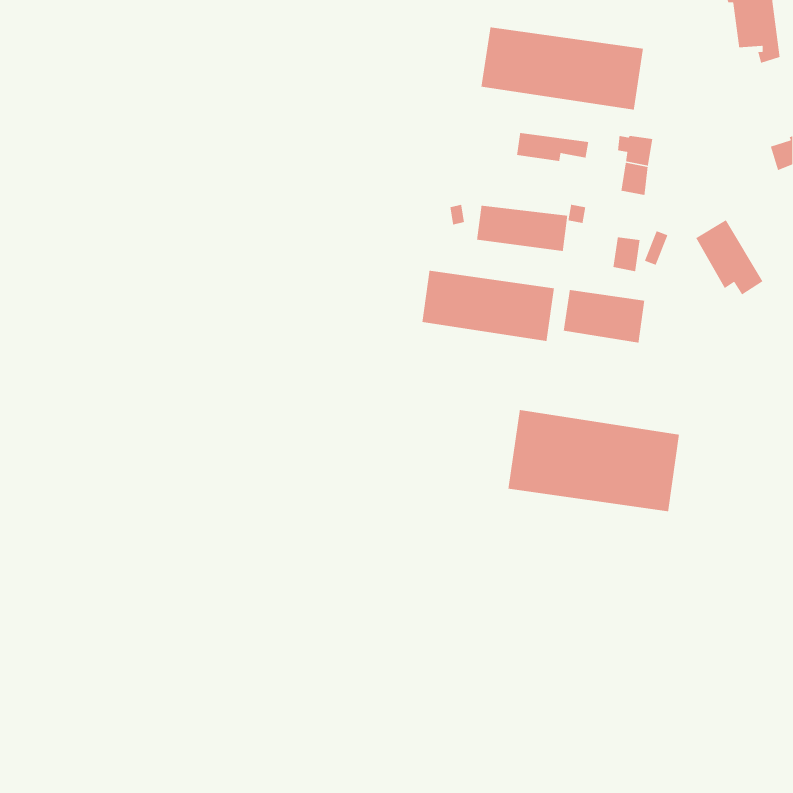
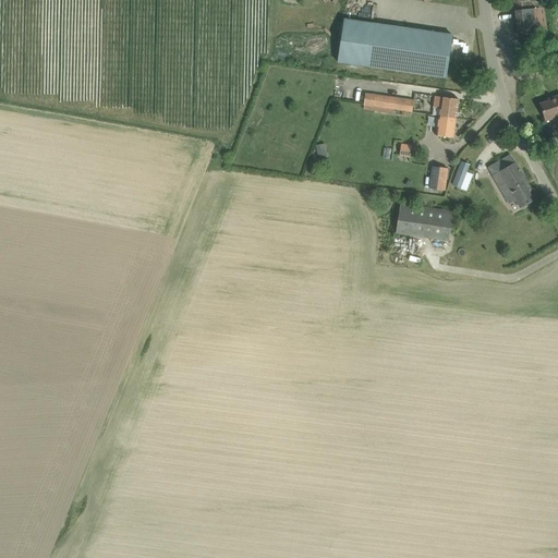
building: [476,205,568,252] -> none
building: [421,270,555,342] -> none
building: [508,409,680,512] -> none

